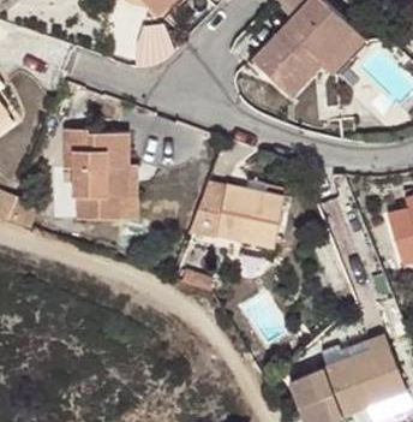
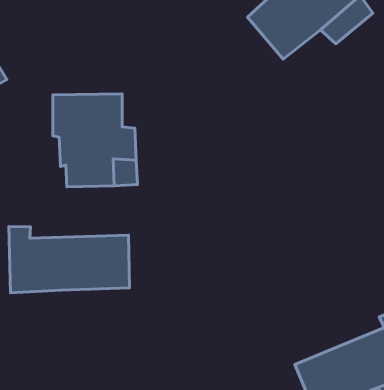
building: [190,180,282,256] -> none
building: none -> [9,226,130,293]

